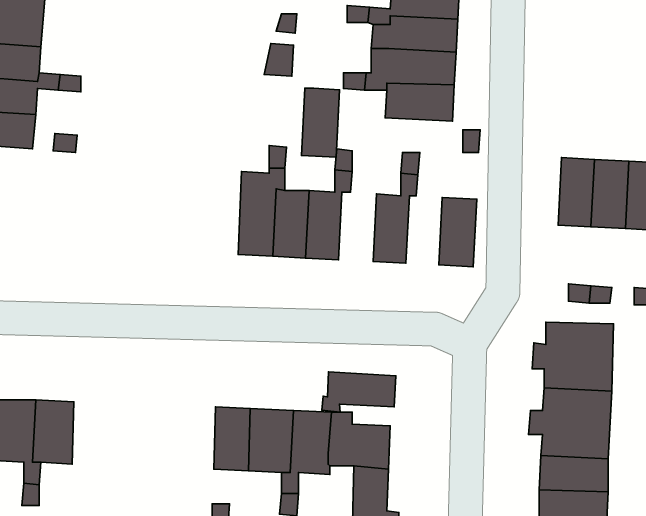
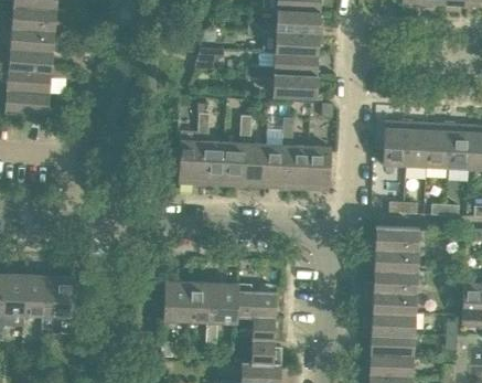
building: [301,88,339,157] -> [243,143,267,188]
building: none -> [286,146,309,190]
building: [322,372,396,412] -> none

